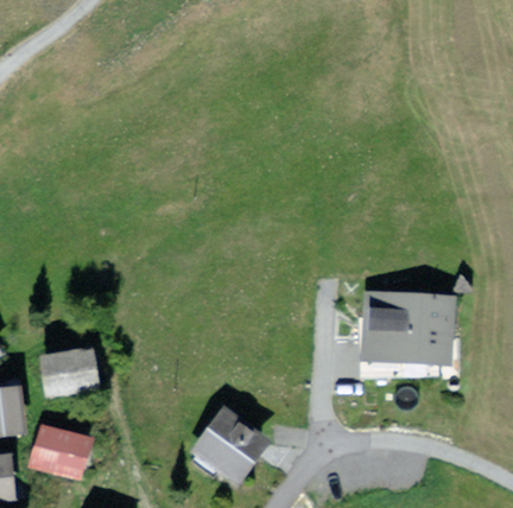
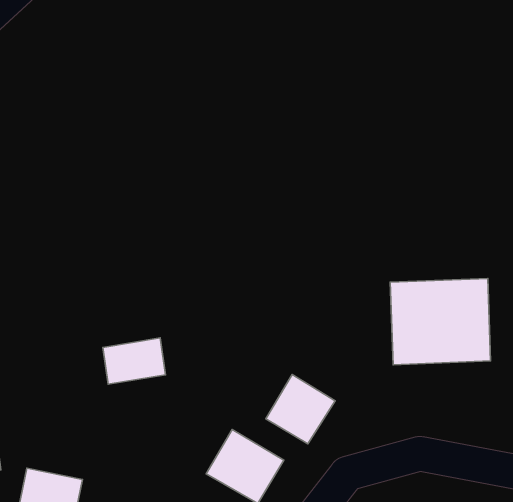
building: [45,356,97,393] -> [103,338,165,384]
building: none -> [266,375,335,444]

